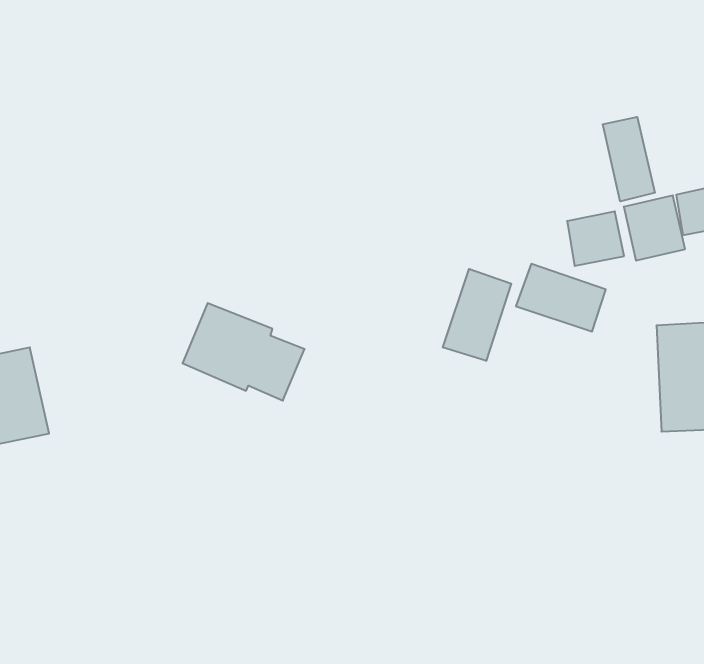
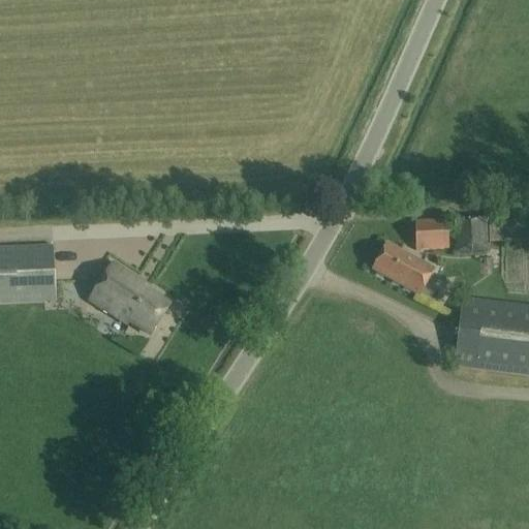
building: [603,117,655,201] -> none
building: [443,269,511,361] -> none
building: [182,303,305,401] -> [89,261,169,333]

